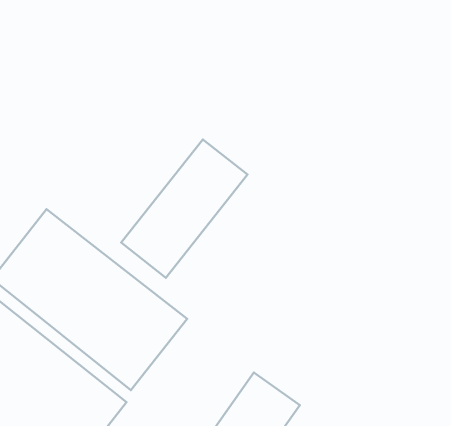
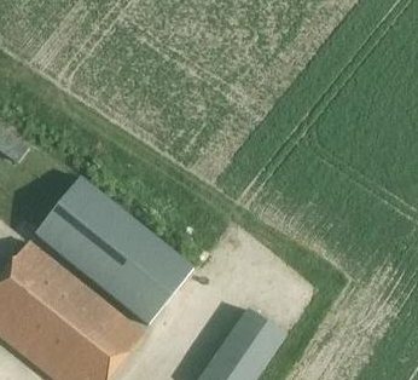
building: [121,139,247,278] -> none

